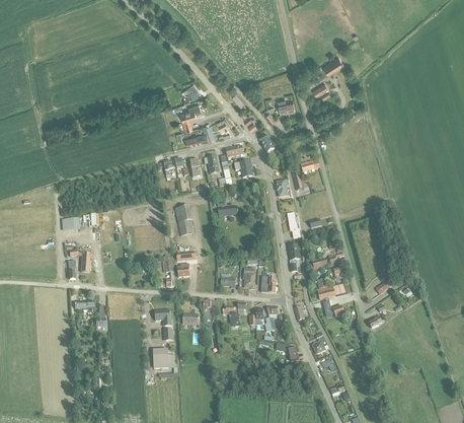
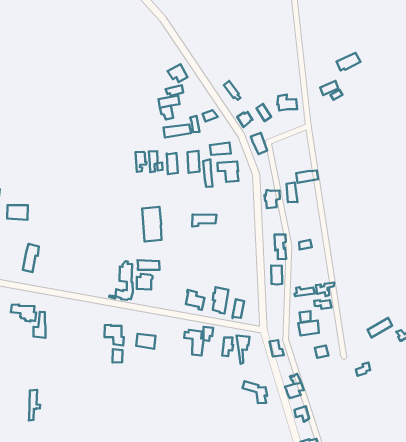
building: [152,348,174,367] -> none

